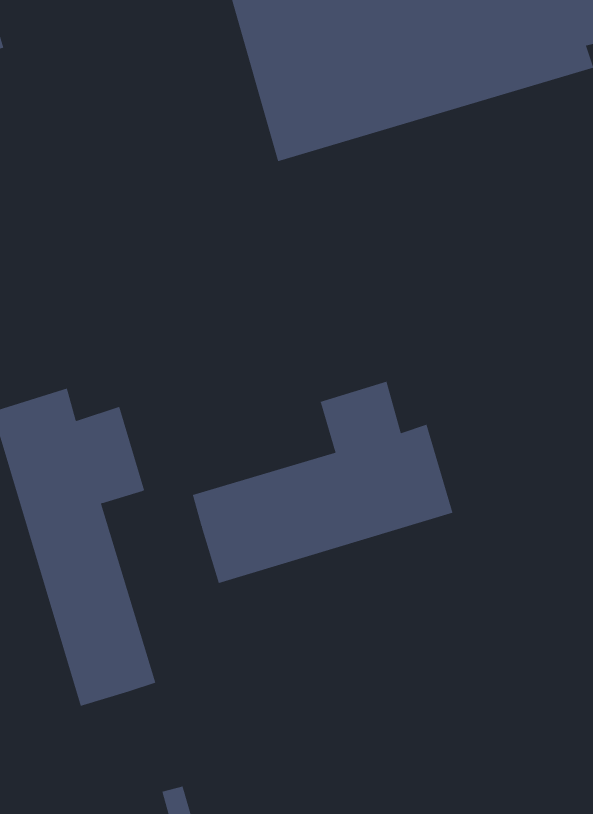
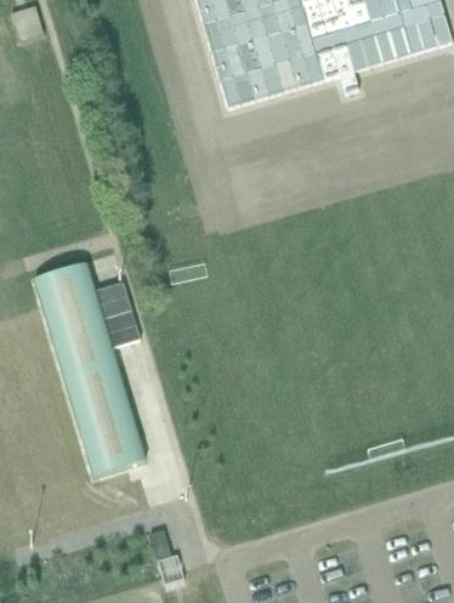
building: [192,381,453,584] -> none

